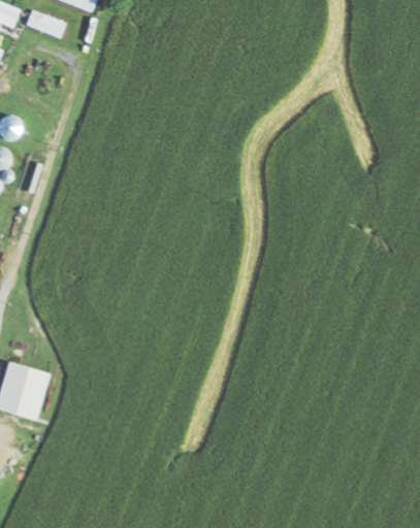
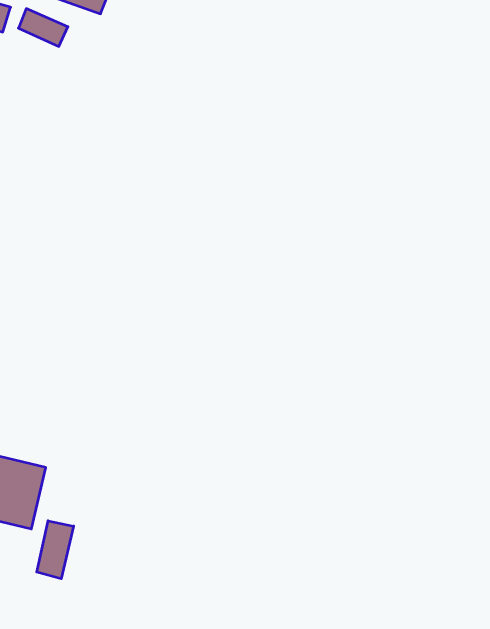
building: none -> [37,521,74,579]

